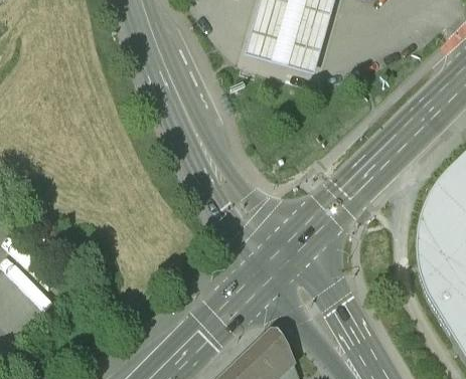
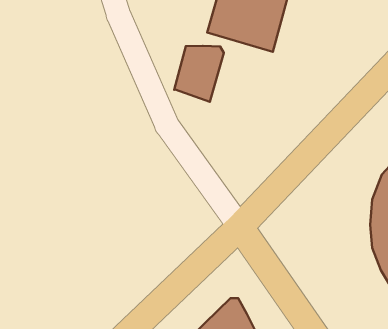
building: none -> [174,46,224,102]

